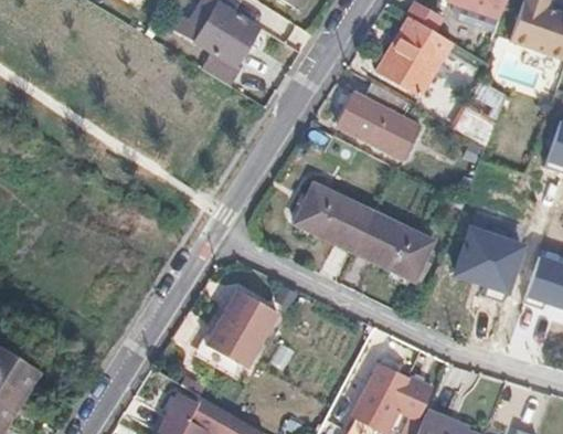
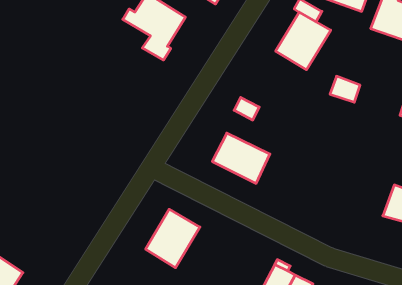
building: [337,82,421,159] -> none
building: [353,212,434,283] -> none
building: [450,224,524,293] -> none

